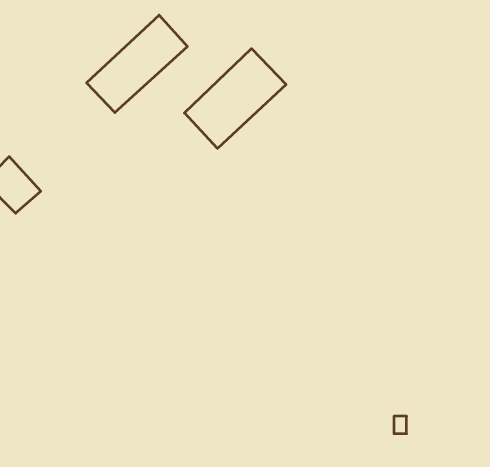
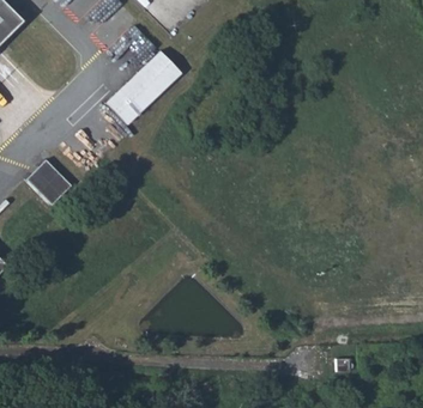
building: [184,49,286,148] -> none

